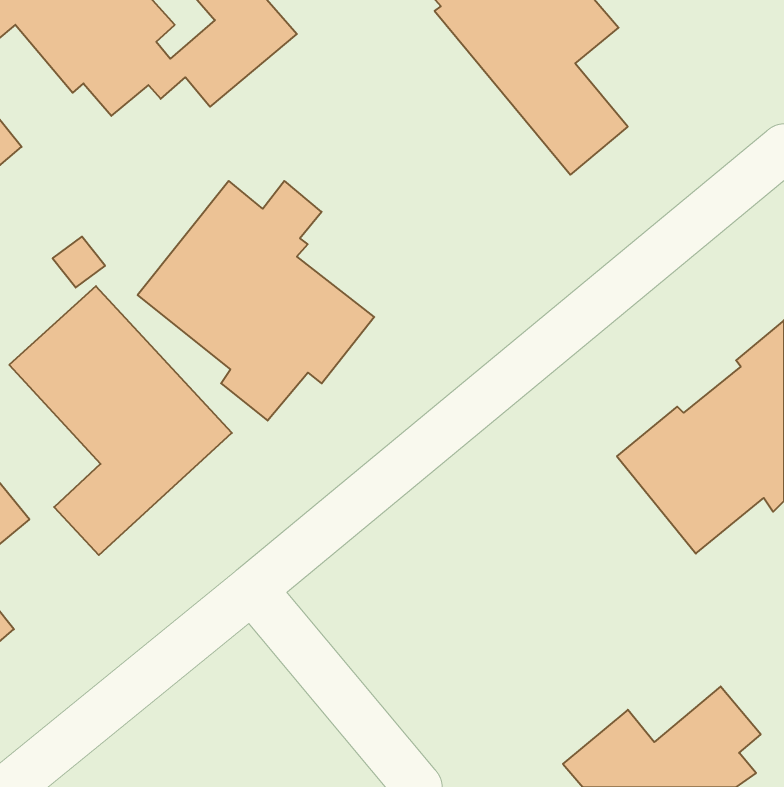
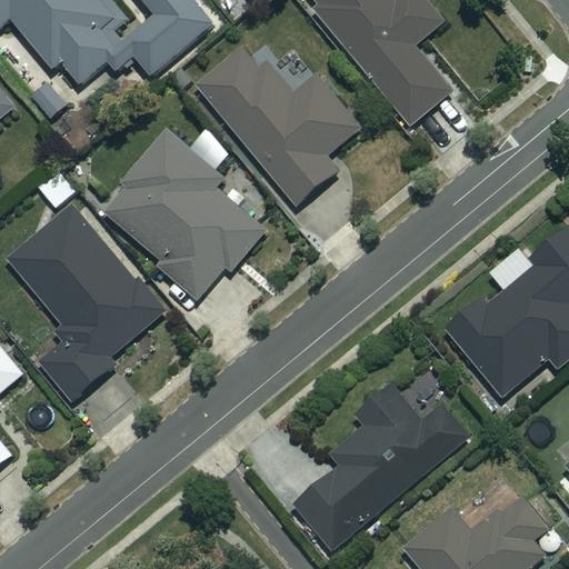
building: none -> [196,47,360,206]
building: none -> [292,382,469,552]

